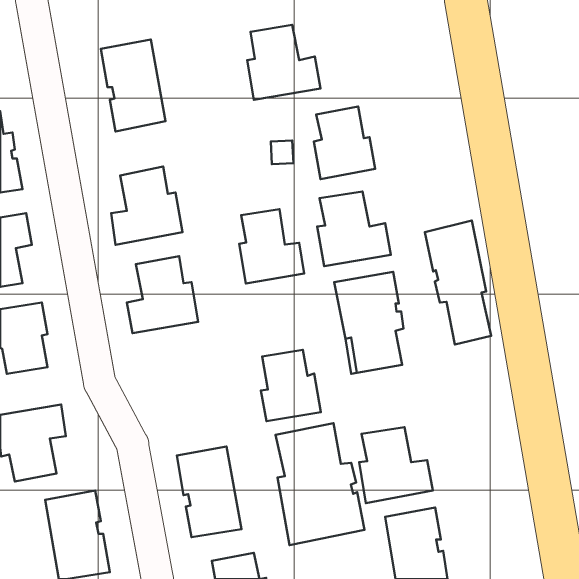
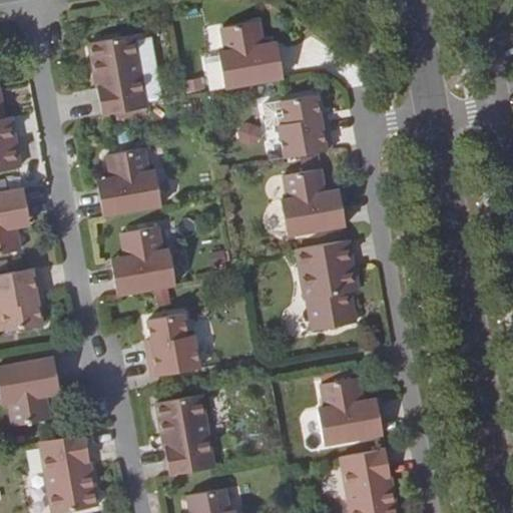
building: [239,209,304,284] -> none
building: [425,221,491,344] -> none
building: [261,350,321,421] -> [146,314,199,377]
building: [276,423,365,545] -> none

